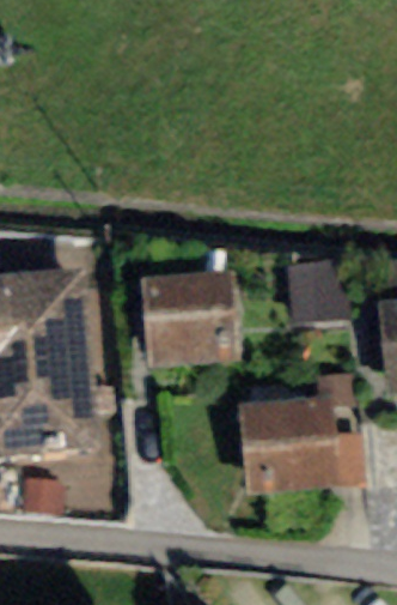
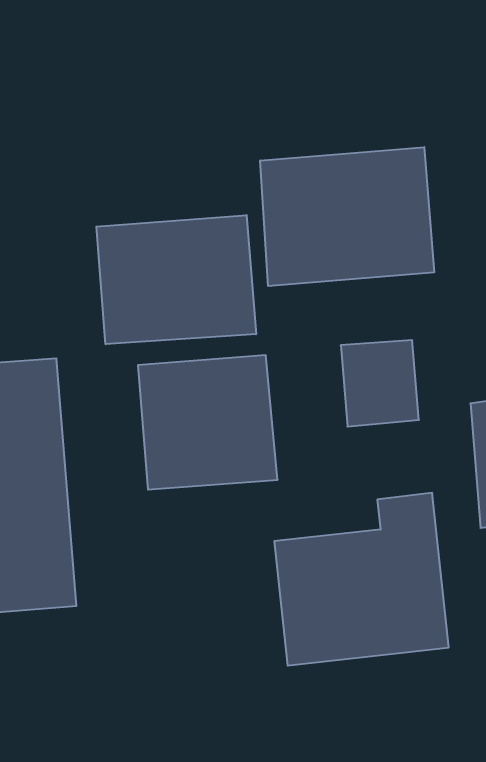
building: none -> [260,147,434,286]
building: none -> [96,215,256,344]

